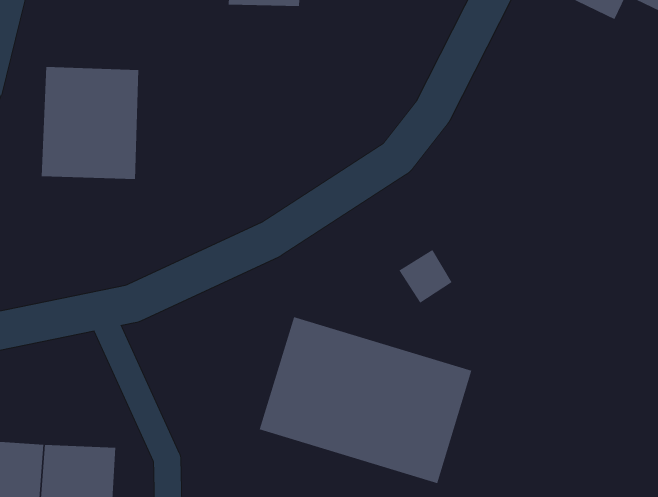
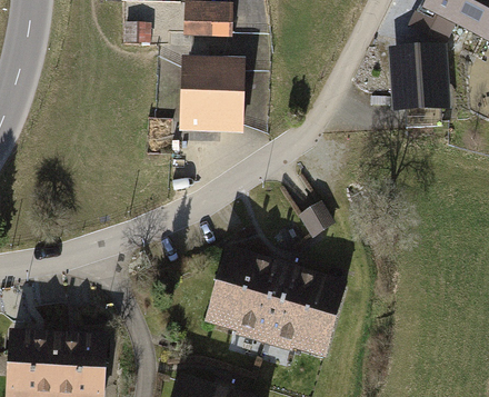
building: none -> [387,44,449,112]
building: [41,67,139,180] -> [179,56,246,132]

